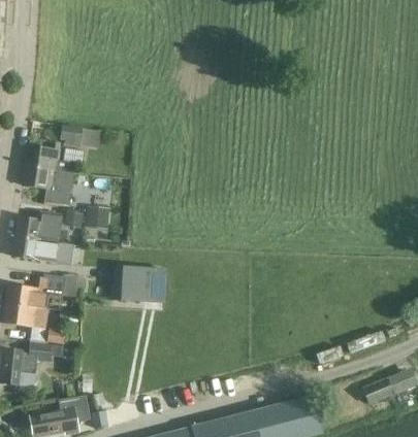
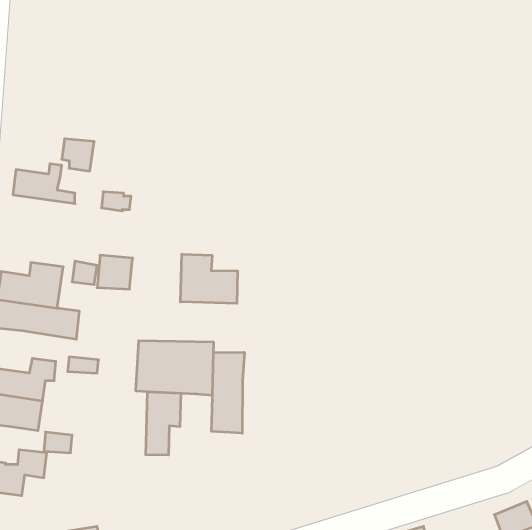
building: [24,164,72,207] -> none
building: none -> [180,254,238,303]
building: none -> [212,352,244,433]
building: none -> [146,392,181,455]

